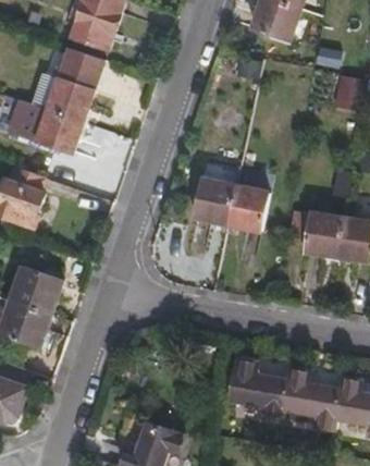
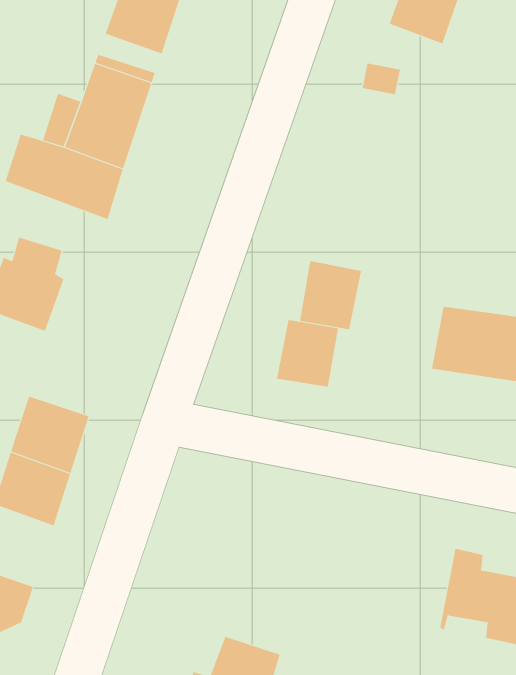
building: [227,187,268,231] -> [276,320,339,387]
building: [234,356,295,417] -> none

